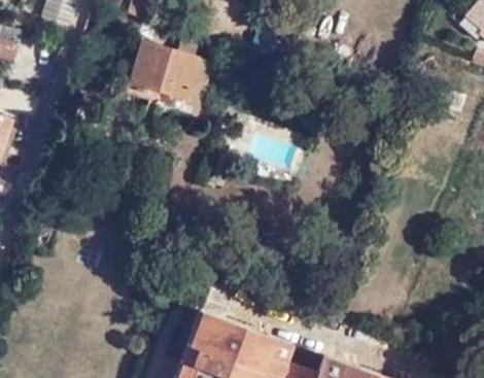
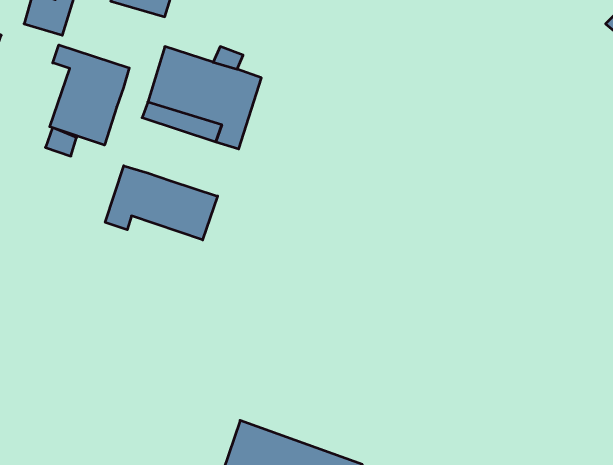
building: none -> [50,45,129,145]
building: none -> [105,166,218,240]

